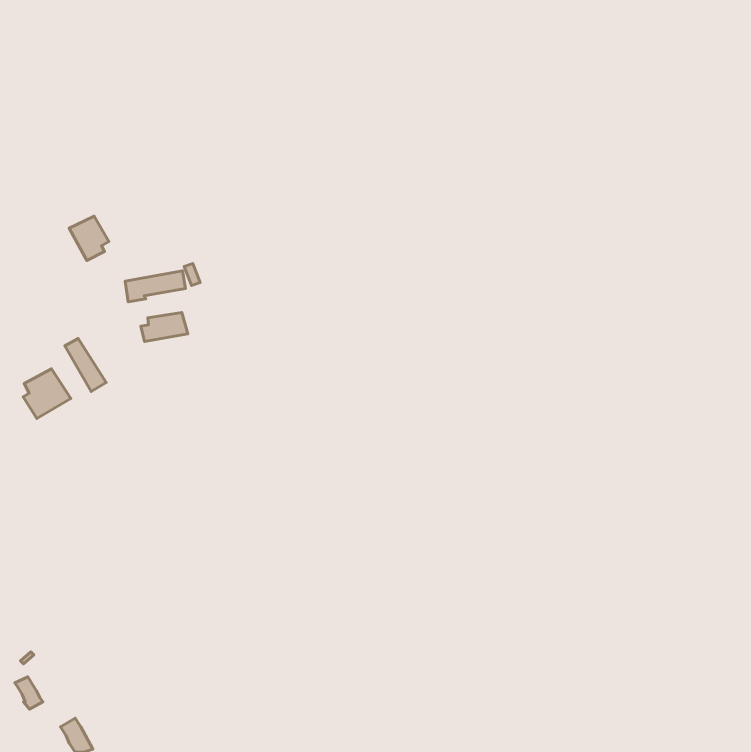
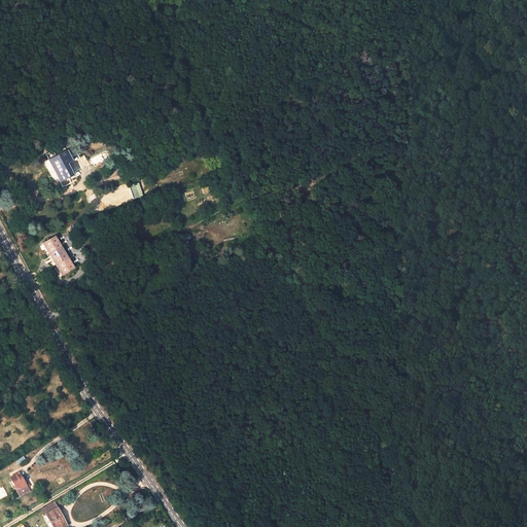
building: [141,313,188,342] -> none
building: [23,369,71,419] -> none

